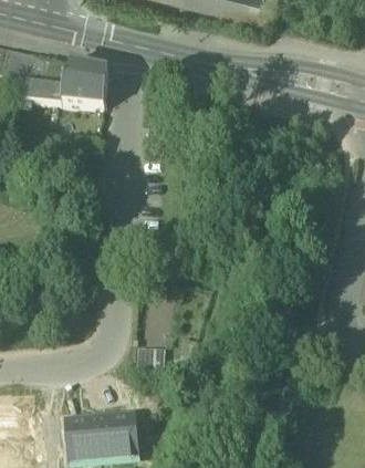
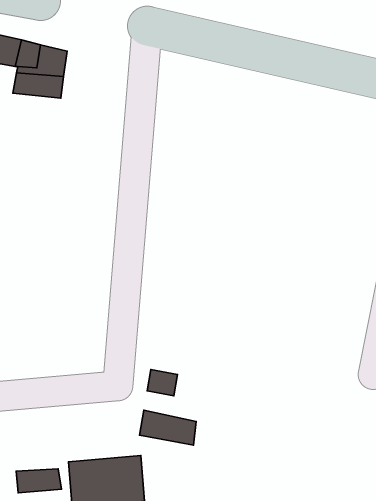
building: [62,62,108,106] -> none
building: none -> [139,410,196,445]
building: none -> [16,469,61,493]

